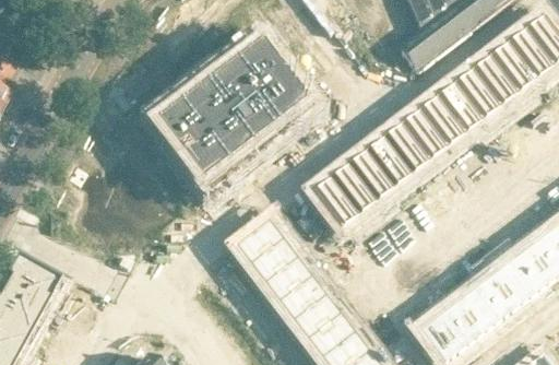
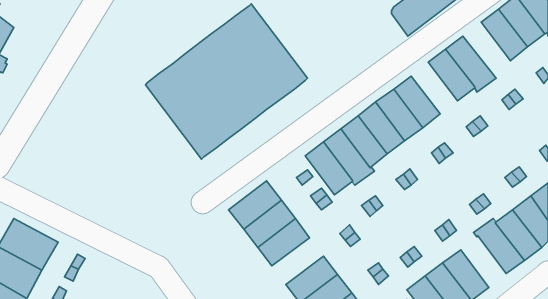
building: [469,54,522,110] -> none
building: [417,94,464,146] -> none
building: [467,270,513,322] -> none
building: [276,272,329,319] -> none

